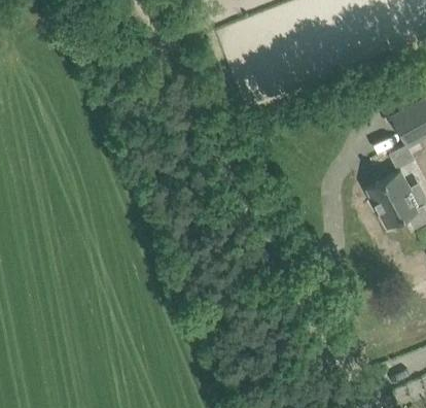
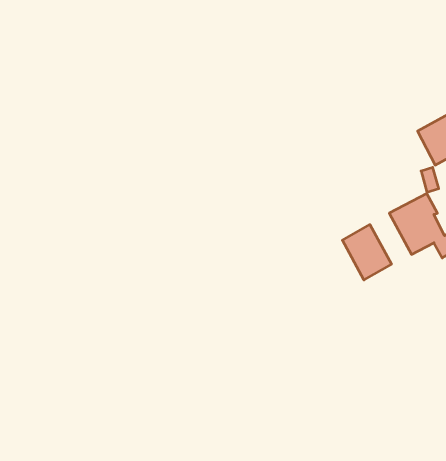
building: none -> [342,225,391,280]

